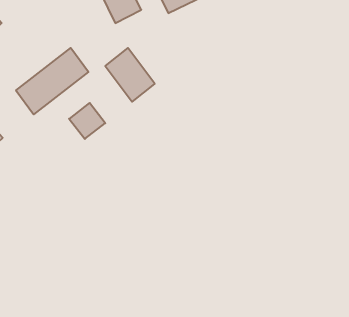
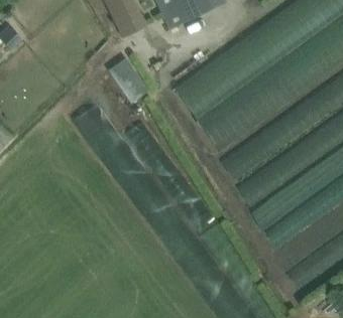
building: [16,48,88,114] -> none

